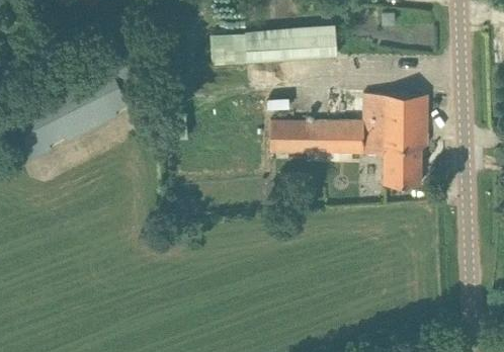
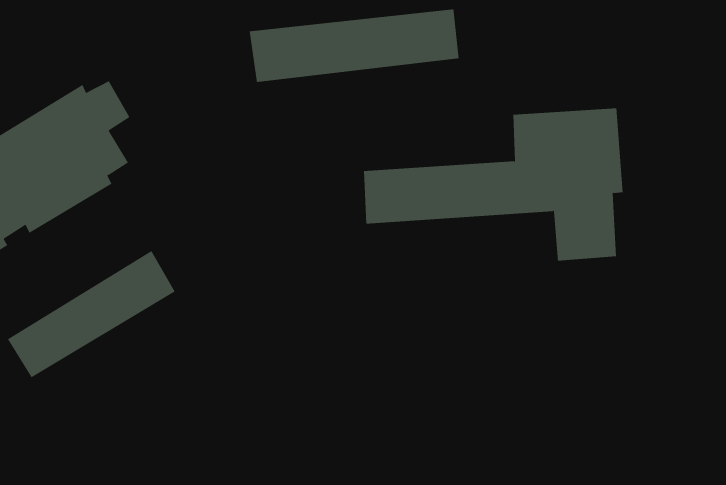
building: none -> [7,250,175,378]

